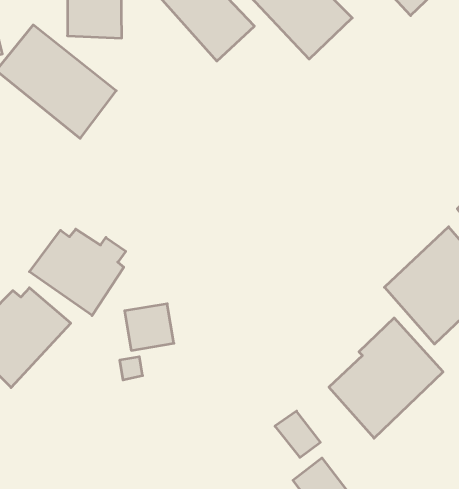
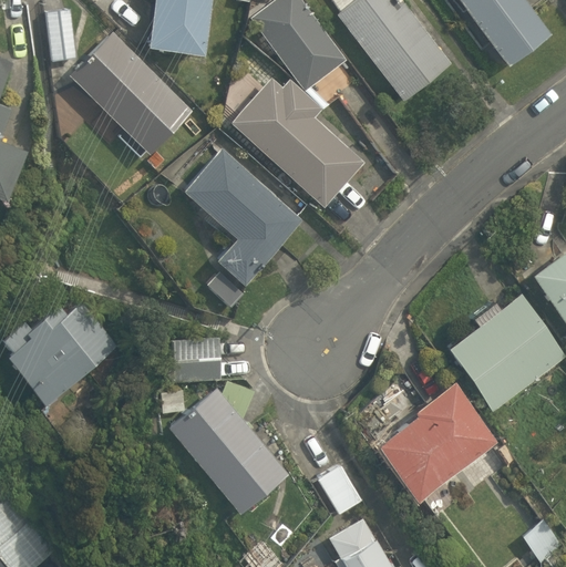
building: none -> [224,76,361,206]
building: none -> [185,147,302,285]
building: [29,229,126,316] -> none
building: none -> [169,381,288,514]

